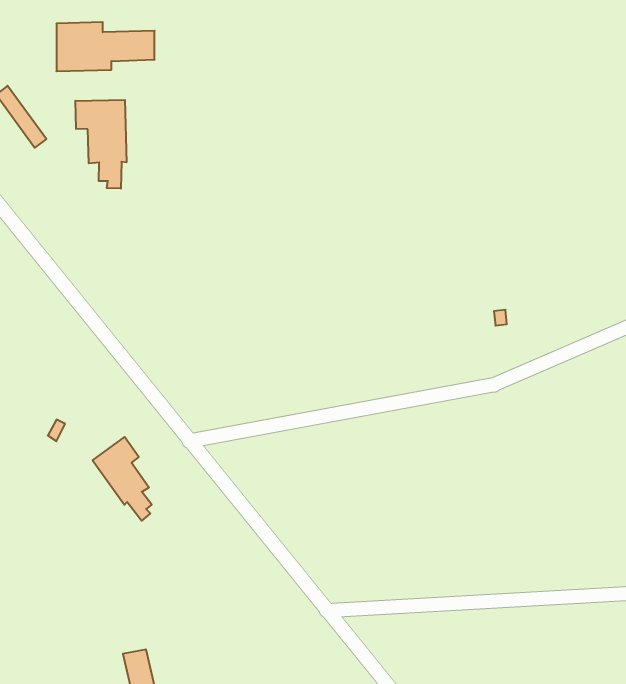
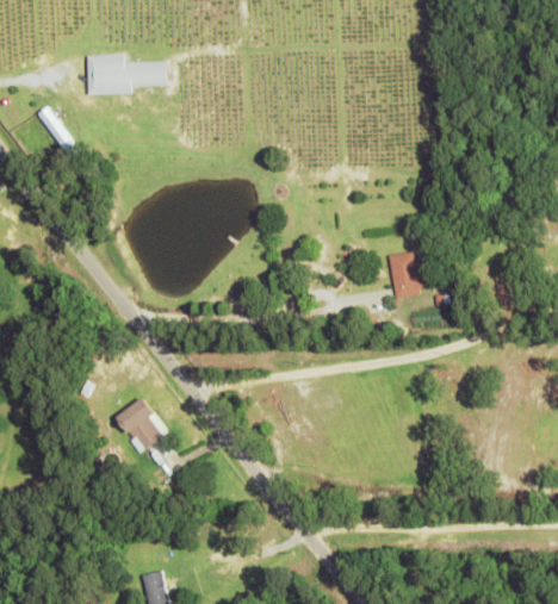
building: [75,100,126,189] -> none
building: none -> [390,250,426,298]

